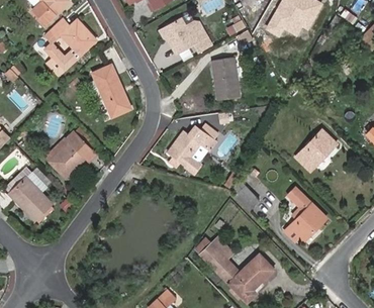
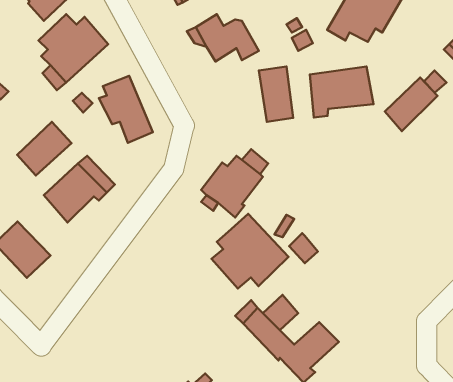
building: none -> [310,66,374,117]
building: none -> [17,122,72,175]
building: [296,130,337,172] -> [385,77,437,131]
building: none -> [212,214,288,289]
building: [285,187,326,240] -> none

